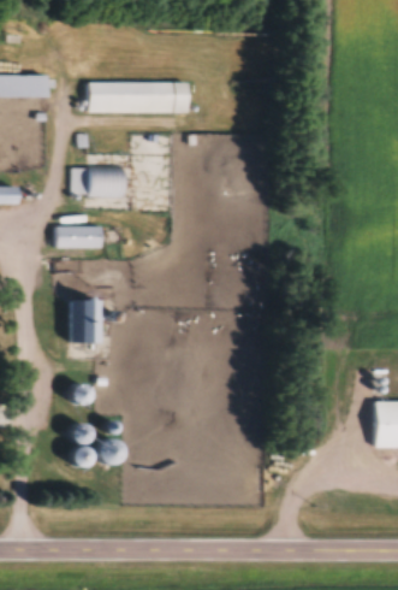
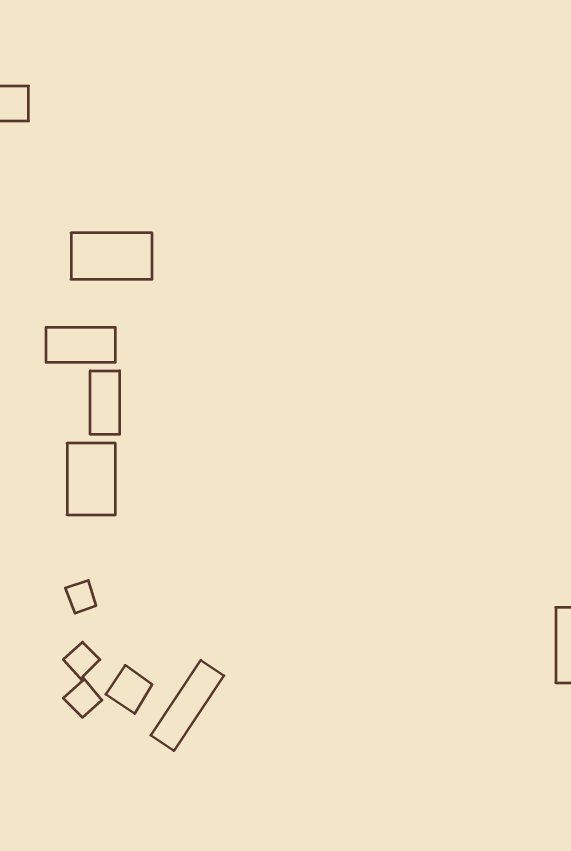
building: [88,82,188,112] -> none
building: none -> [90,371,120,434]
building: none -> [151,660,224,751]

